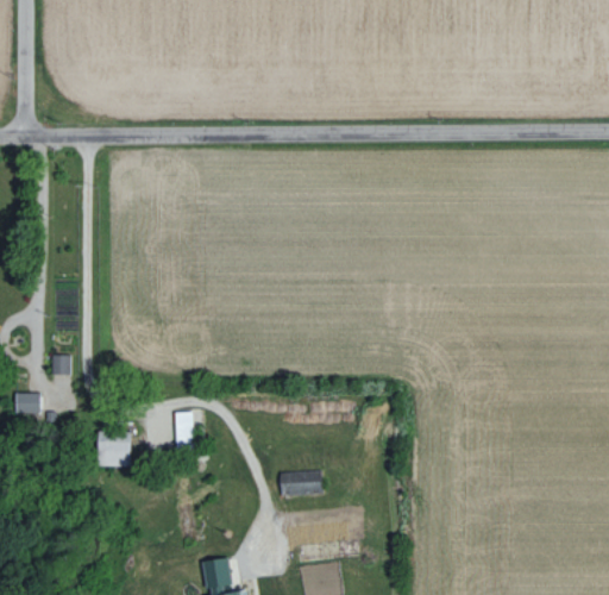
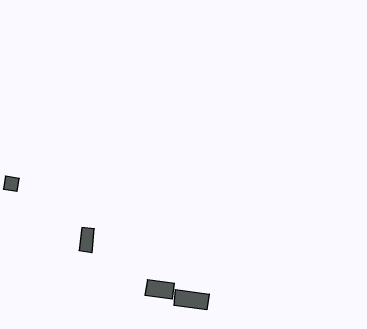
building: [96,433,131,466] -> none
building: none -> [174,290,209,310]

